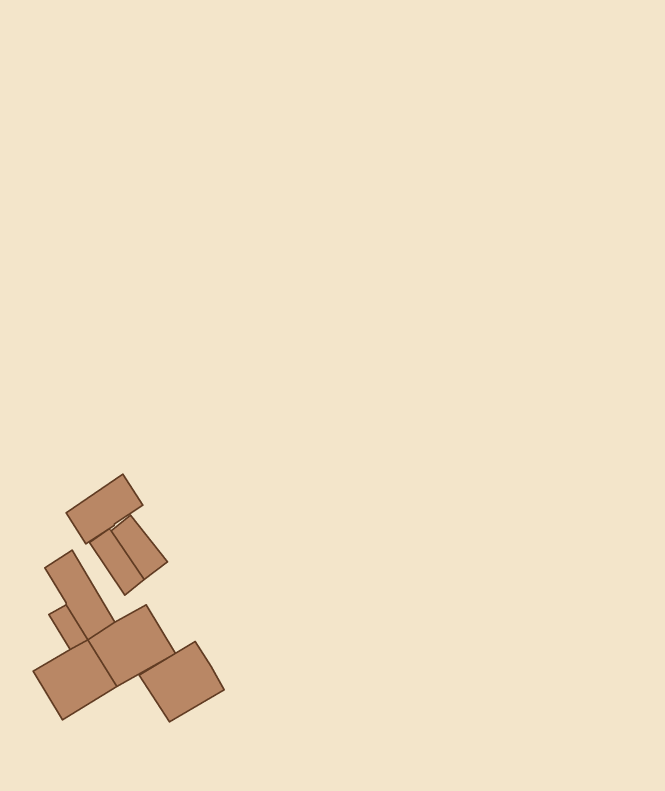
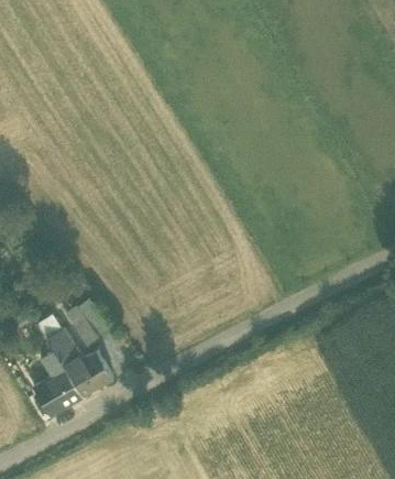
building: [66,474,143,544] -> none
building: [139,642,224,722] -> none

